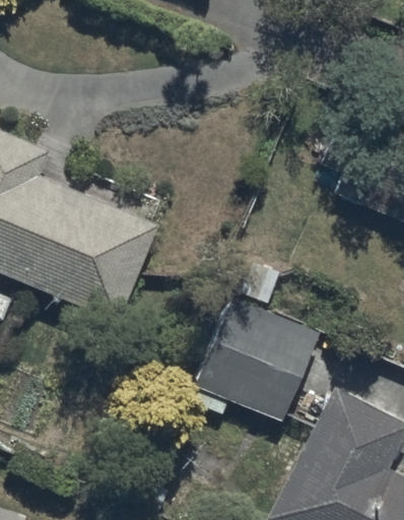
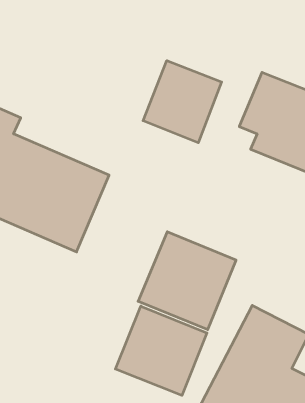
building: none -> [143,61,222,143]
building: none -> [115,306,207,395]

